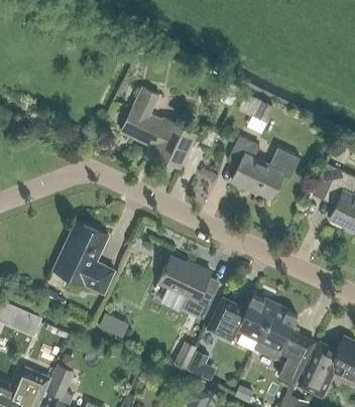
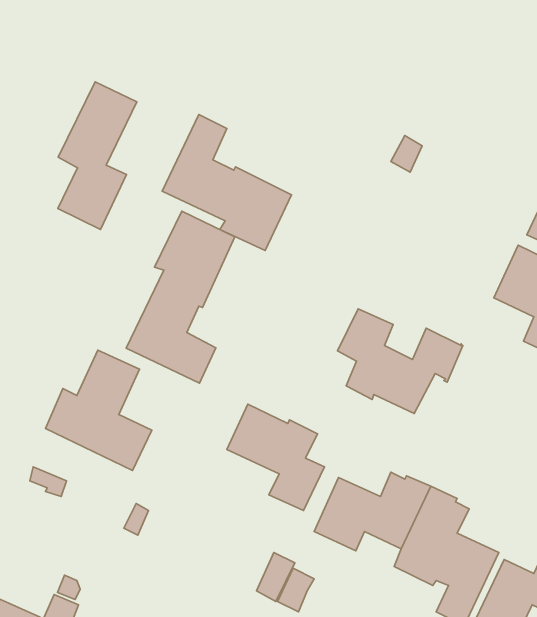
building: none -> [58,82,137,230]
building: [227,137,300,197] -> [337,309,463,414]
building: none -> [126,211,235,383]

